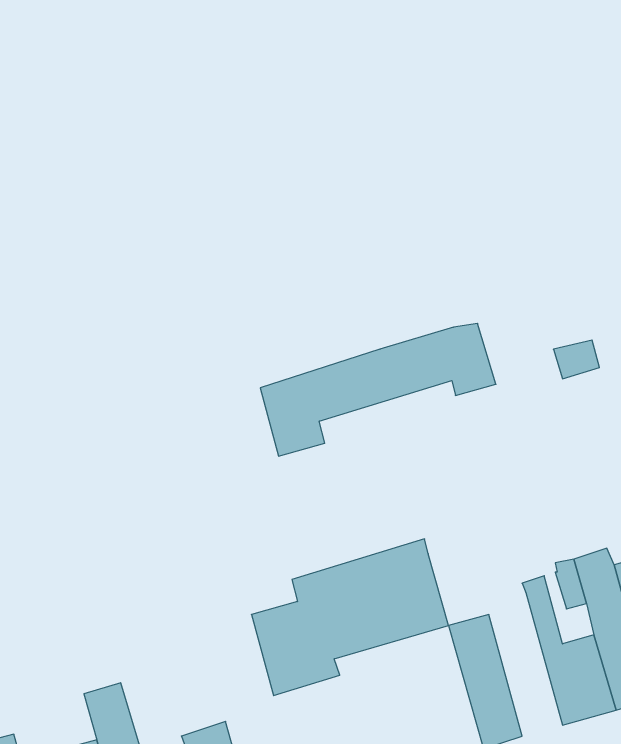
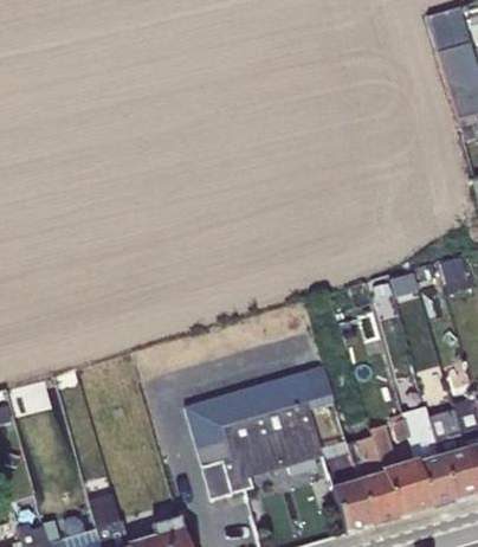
building: [260,323,496,456] -> [185,363,336,449]
building: none -> [348,435,396,527]

